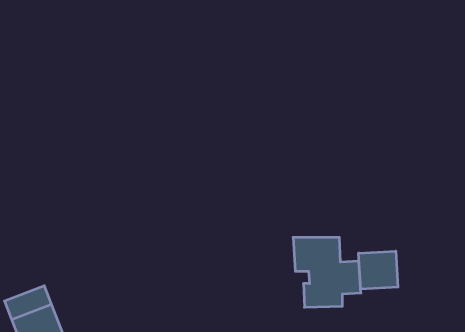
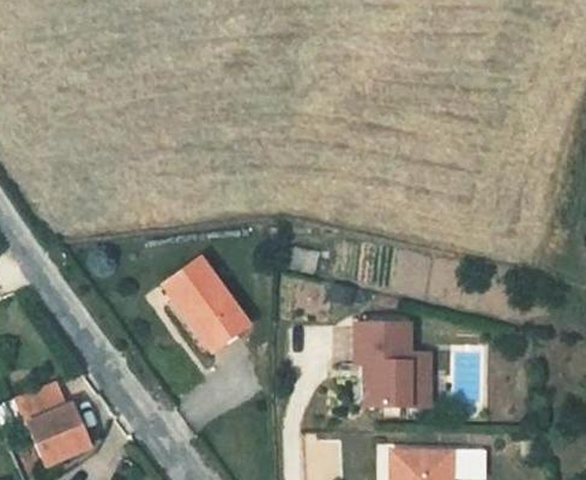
building: none -> [165,259,254,354]
building: [359,251,398,289] -> none

